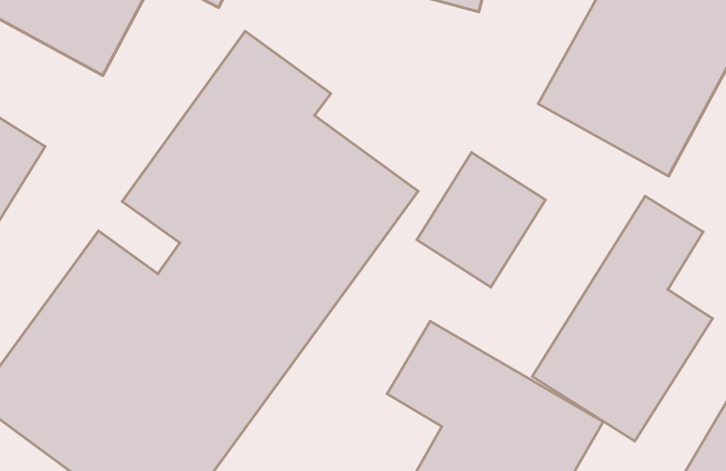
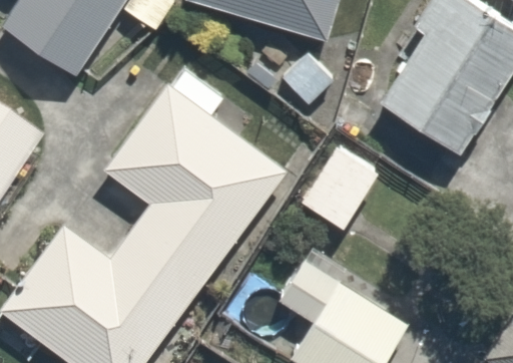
building: [532,196,713,441] -> none

